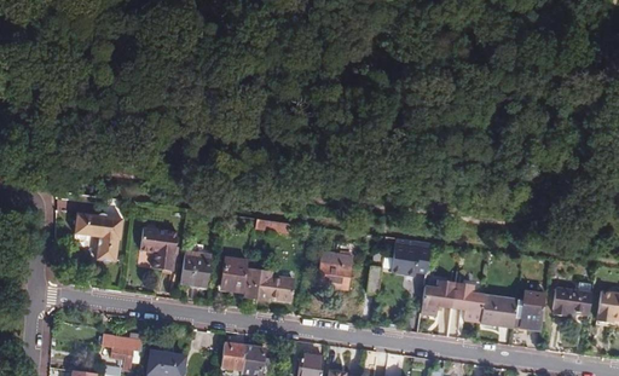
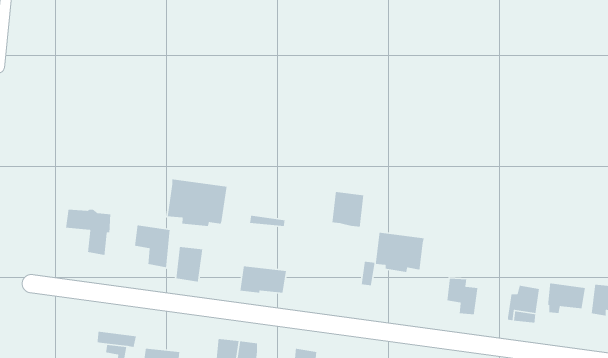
building: none -> [167,178,228,227]
building: [319,251,352,288] -> [331,191,364,228]
building: [221,259,247,290] -> none
building: [422,279,456,314] -> none
building: [481,293,517,322] -> none

